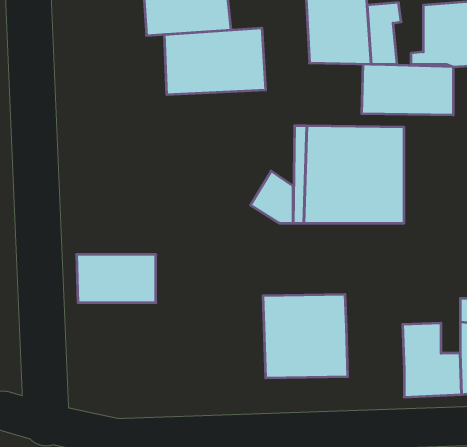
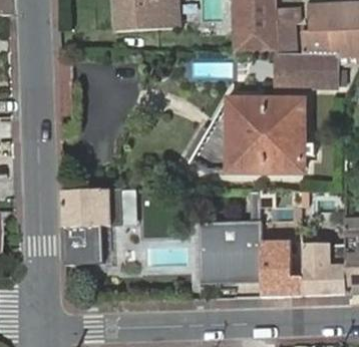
building: [165,28,266,95] -> none
building: none -> [66,225,114,262]
building: none -> [263,242,305,295]

